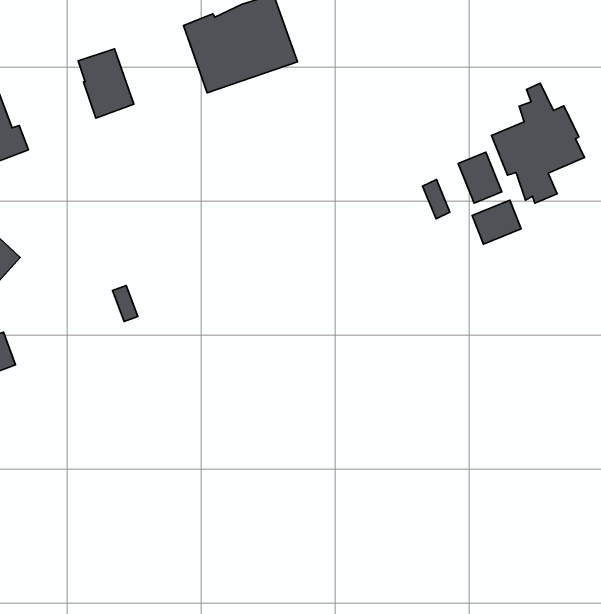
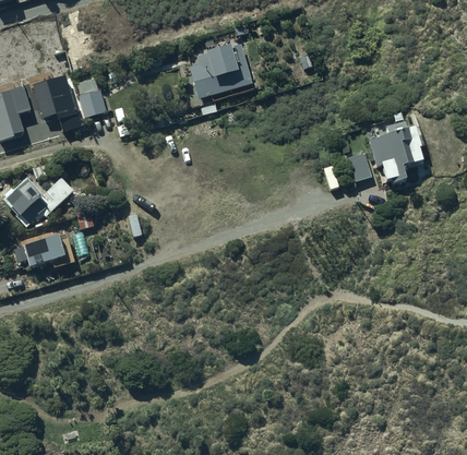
building: [78,49,134,118] -> [76,75,108,117]
building: [472,200,521,244] -> none

